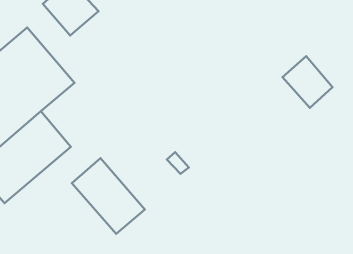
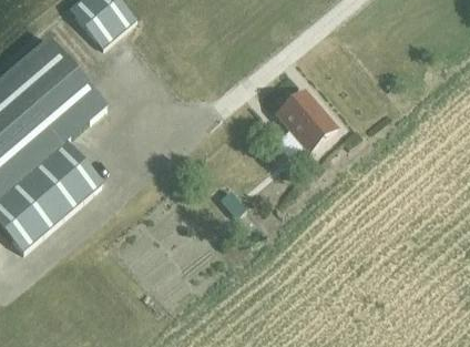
building: [282,56,333,108] -> [275,88,336,151]
building: [72,158,145,234] -> none

